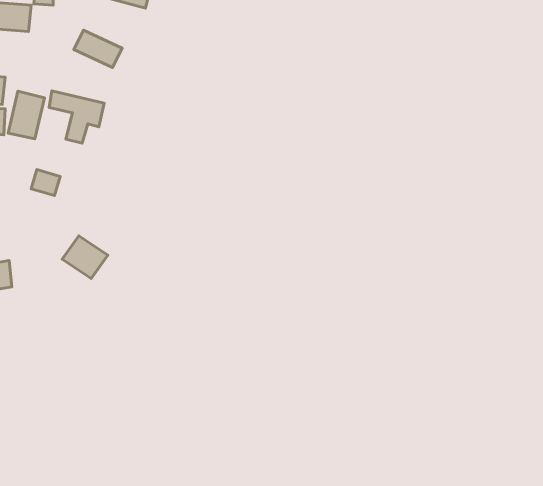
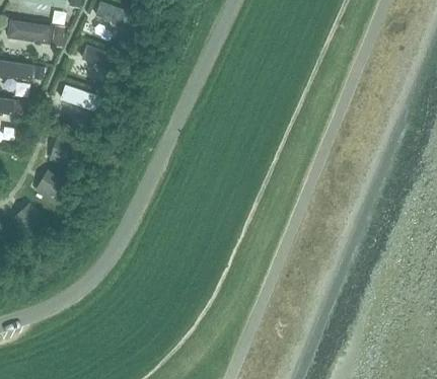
building: [8,91,44,139] -> none
building: [62,236,108,279] -> [34,170,68,202]

